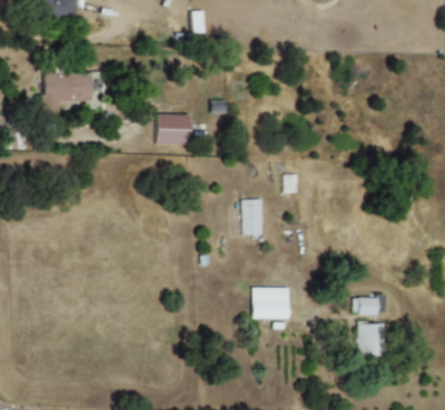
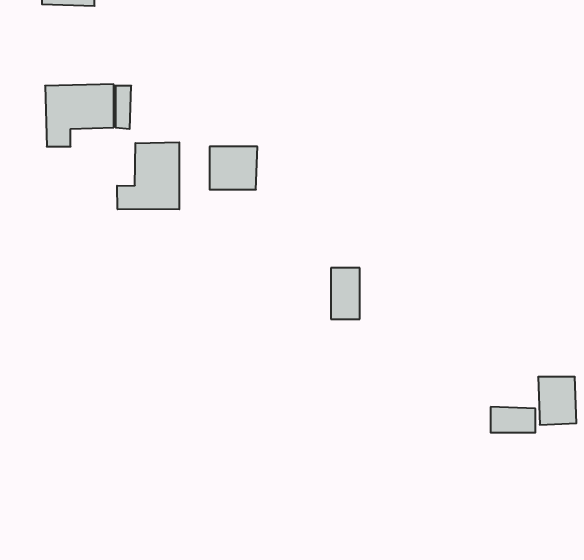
building: none -> [117,142,179,209]
building: [251,288,288,319] -> none
building: [357,323,384,357] -> [538,377,576,425]

